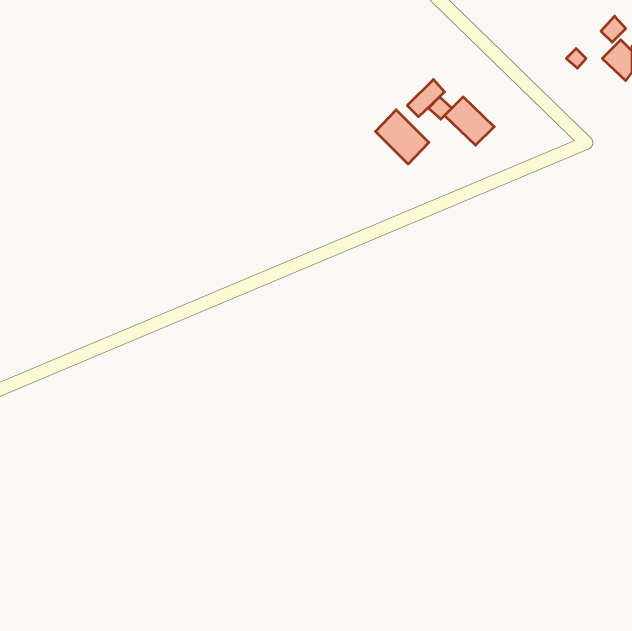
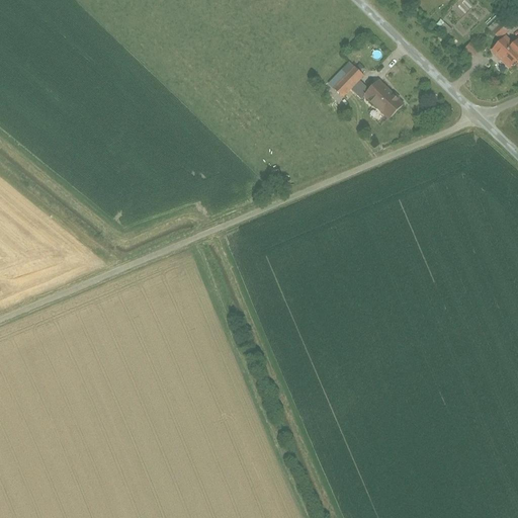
building: [375,110,429,164] -> none

